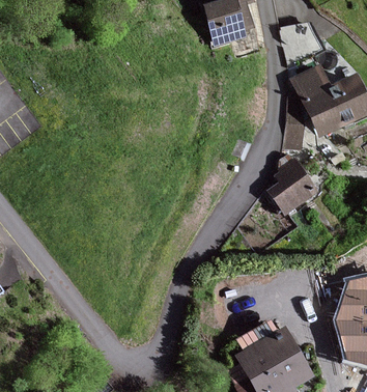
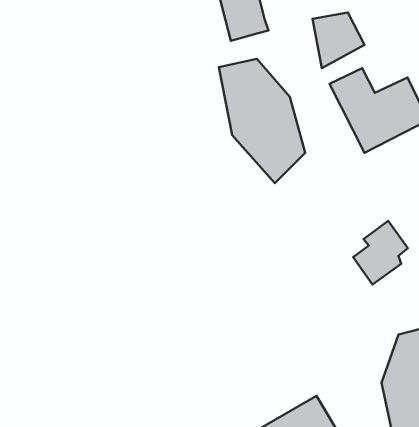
building: none -> [219,59,305,183]
building: [270,162,313,213] -> [353,221,408,285]

